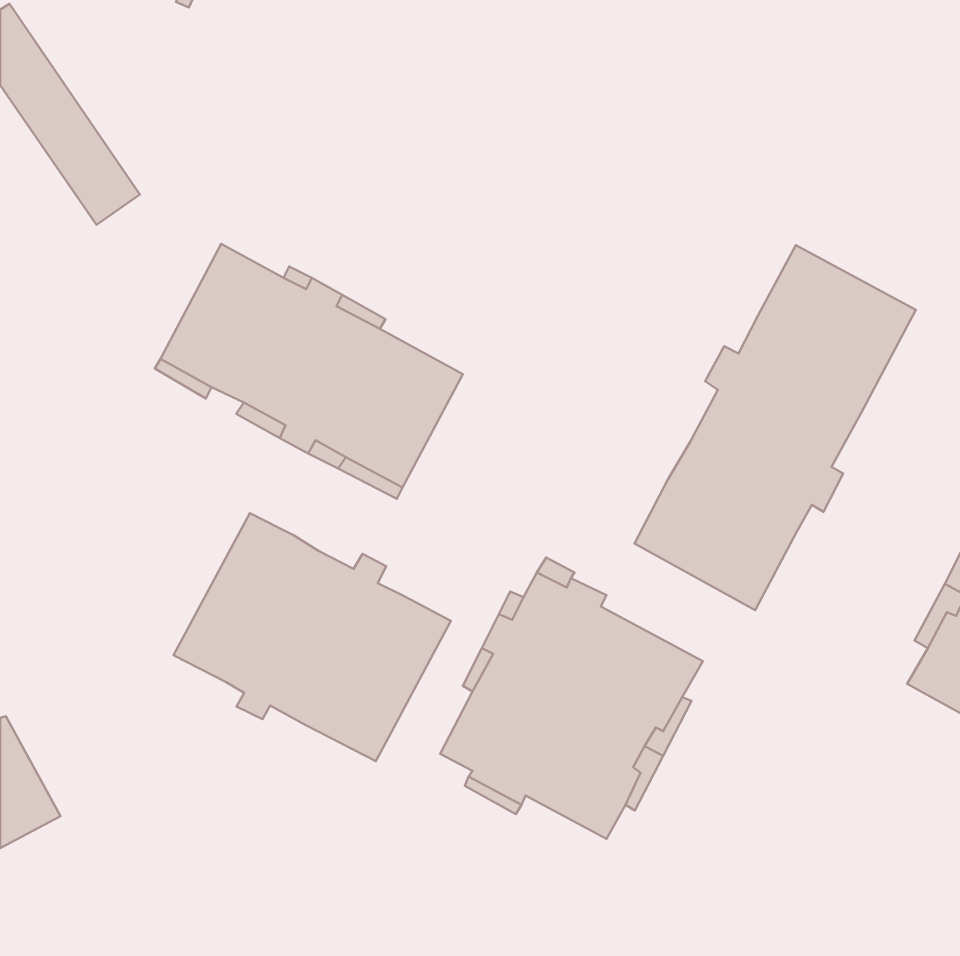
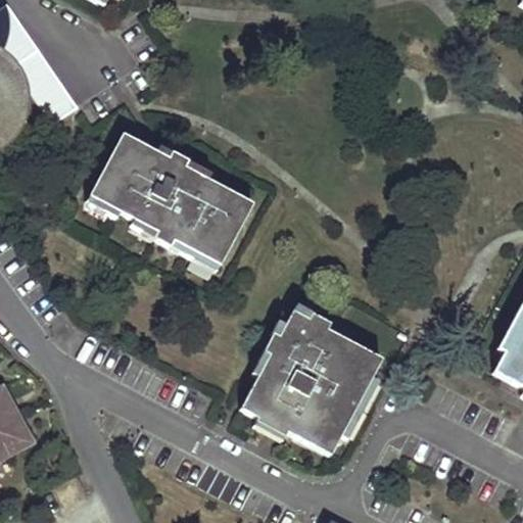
building: [634,245,916,610] -> none
building: [173,513,451,761] -> none

